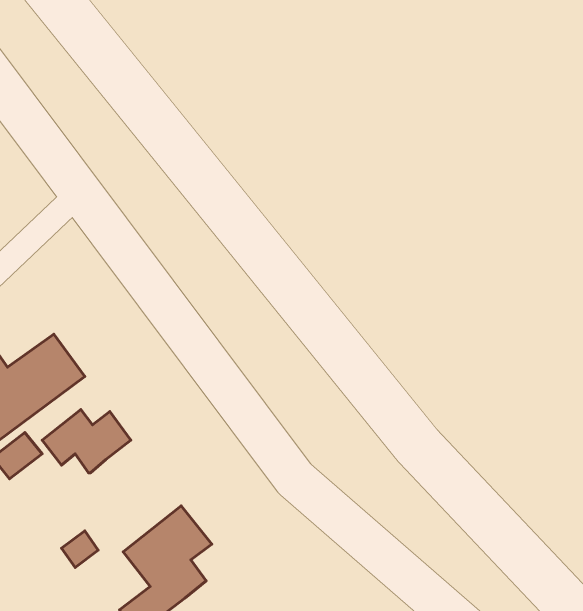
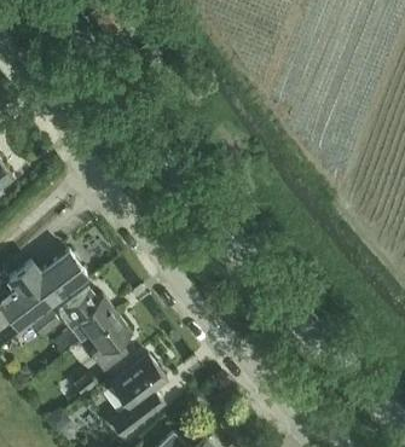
building: none -> [91,318,132,373]

